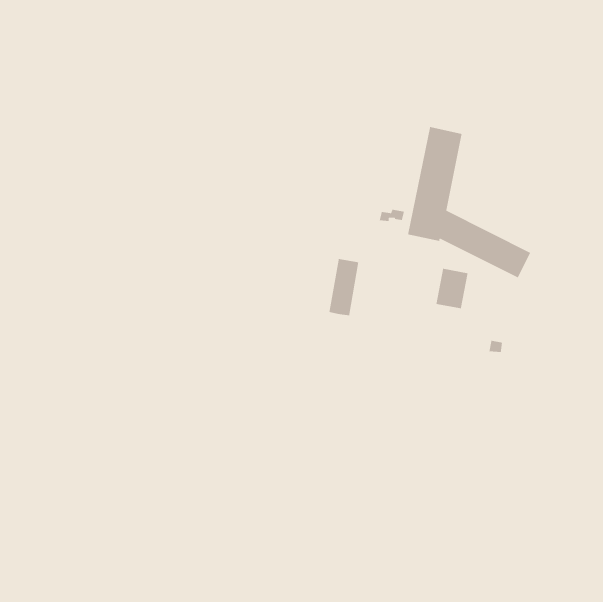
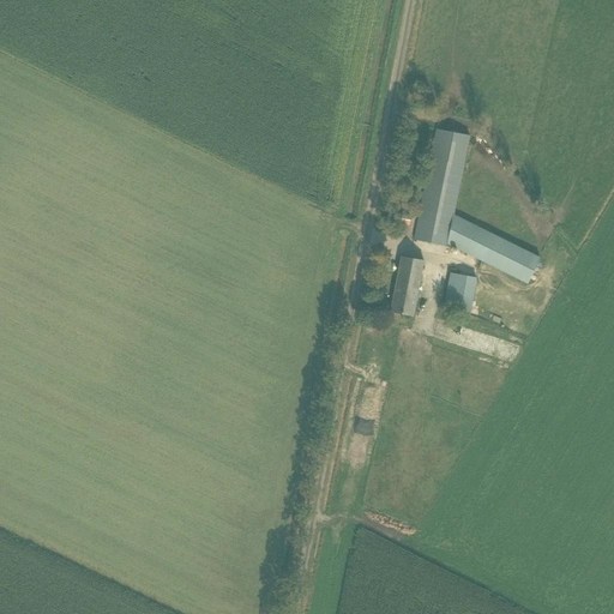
building: [329,258,359,316] -> [391,255,422,314]

